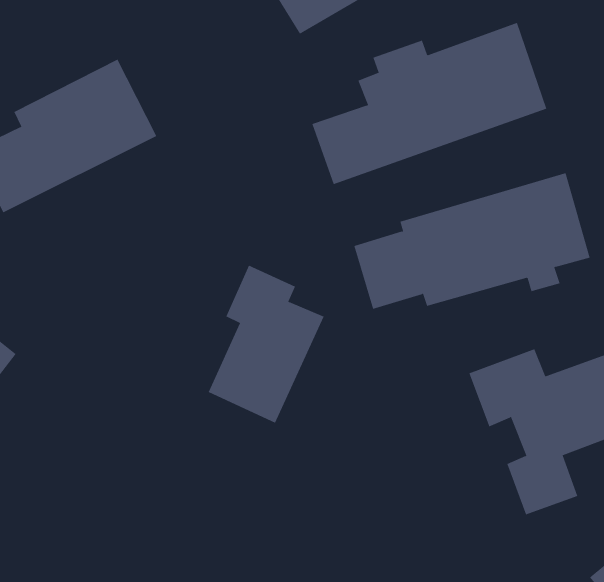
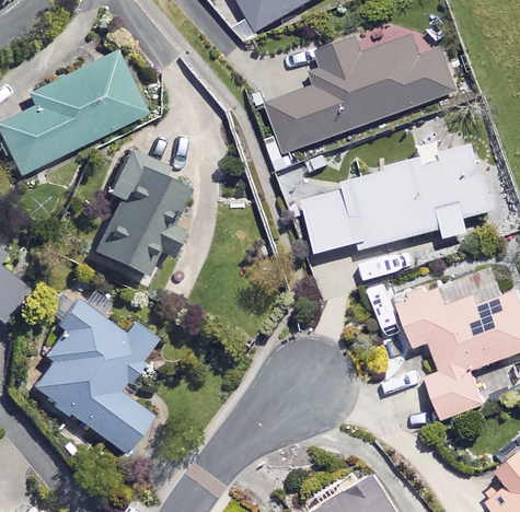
building: [208,265,324,423] -> [91,149,185,277]
building: none -> [31,302,153,452]

